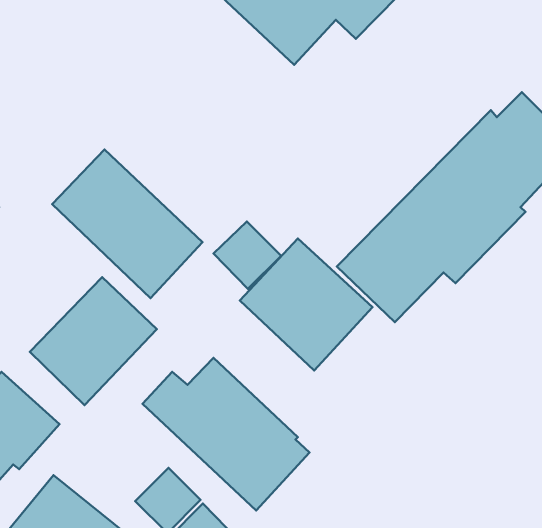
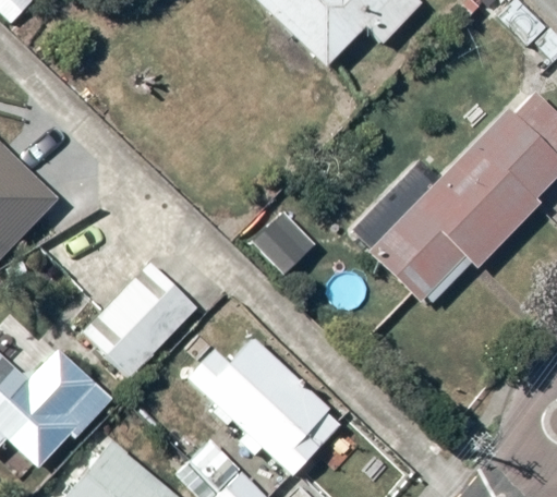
building: [52,150,203,298] -> none
building: [240,238,372,370] -> none

